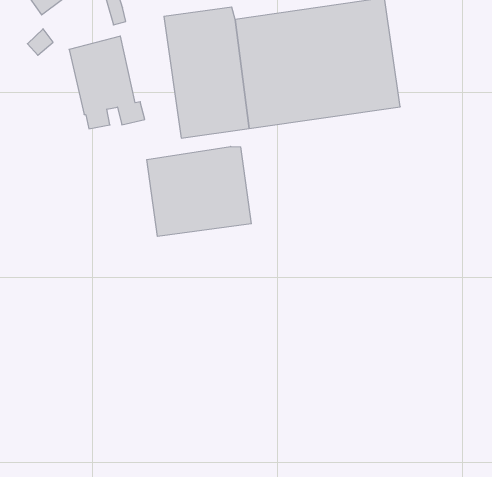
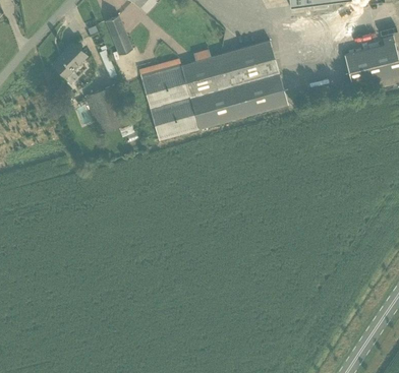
building: [147,146,251,236] -> none

